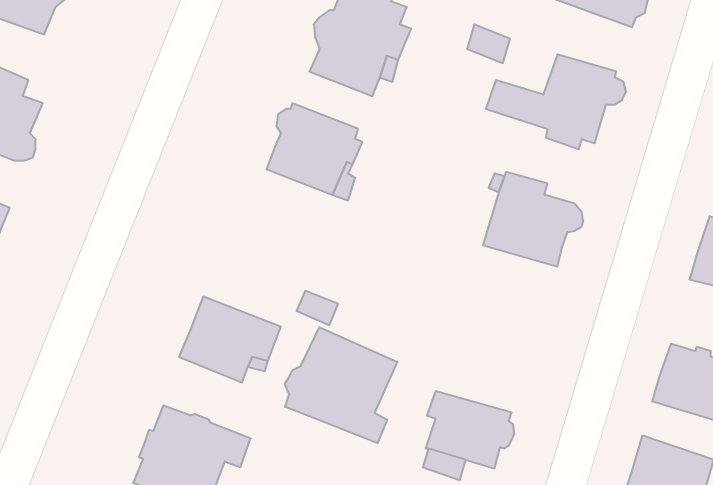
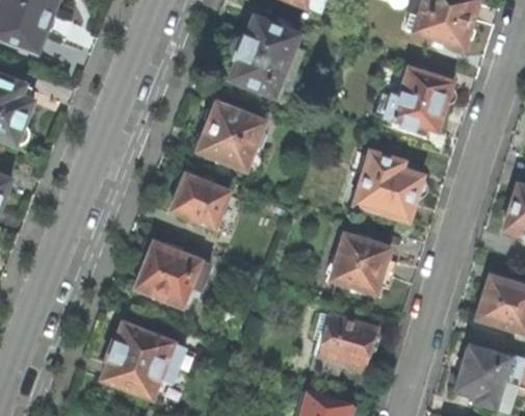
building: none -> [172,174,229,227]
building: none -> [332,234,395,292]
building: [285,327,397,443] -> none

